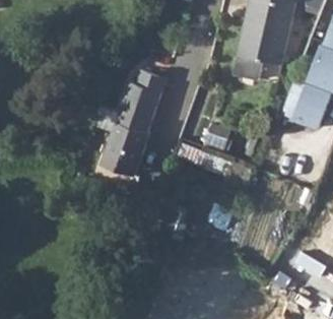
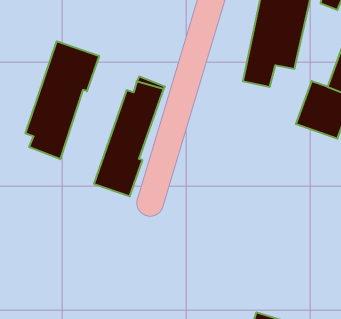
building: none -> [26,41,99,159]

